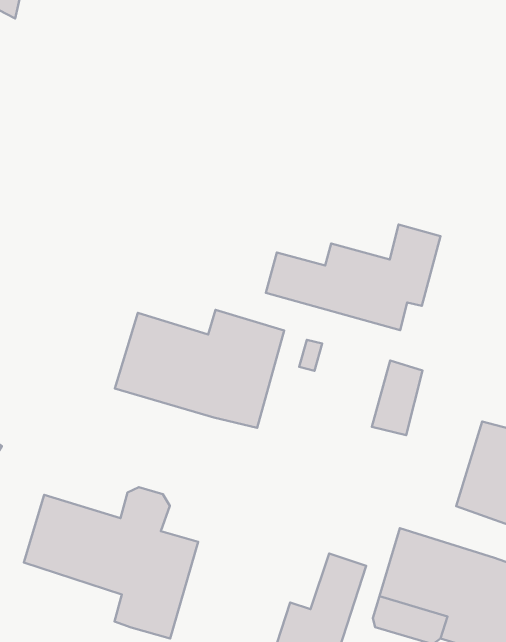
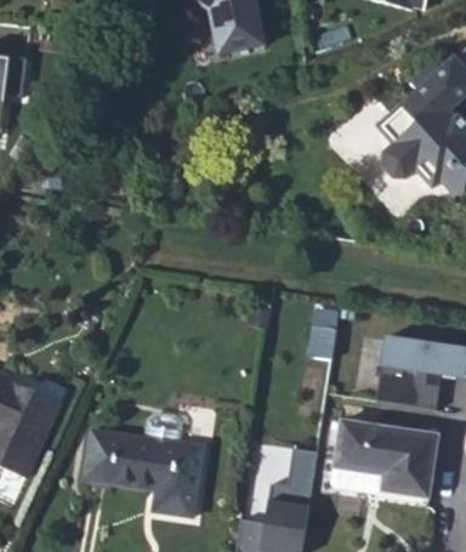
building: [266,224,441,330] -> none
building: [115,310,284,428] -> none

